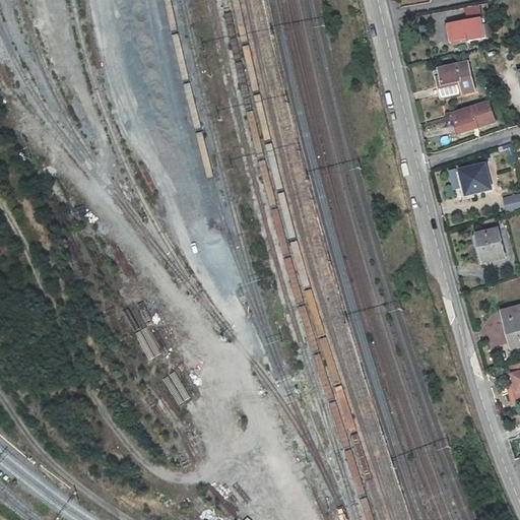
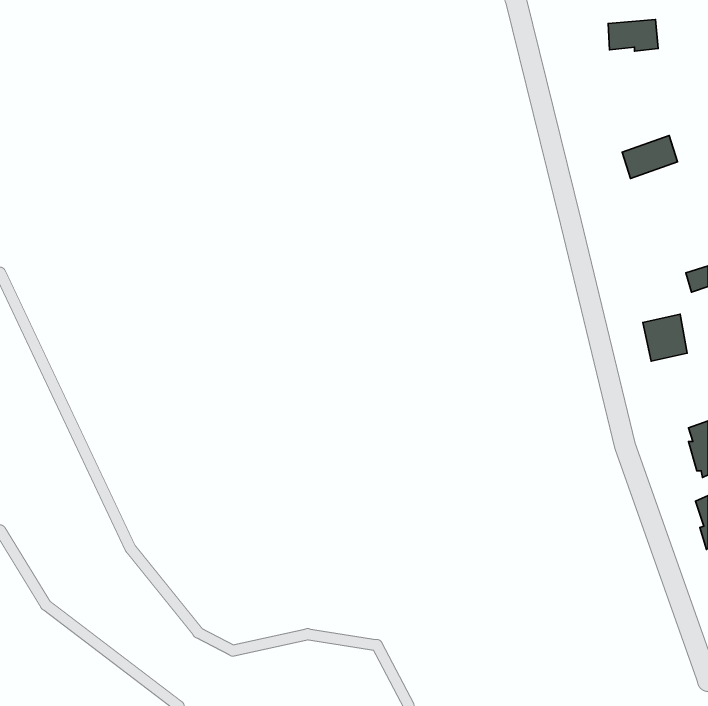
building: [437,59,477,94] -> none
building: [451,167,490,193] -> none

